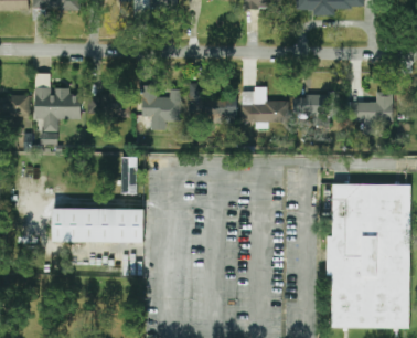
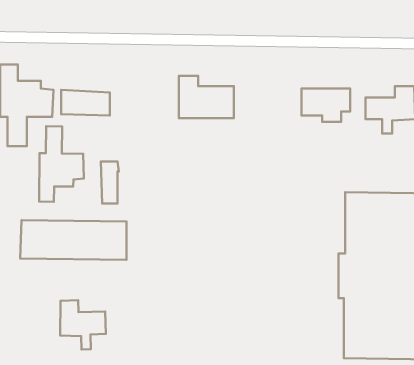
building: [141,86,181,130] -> none
building: [240,92,288,128] -> none
building: none -> [39,126,84,202]
building: none -> [60,300,106,349]

